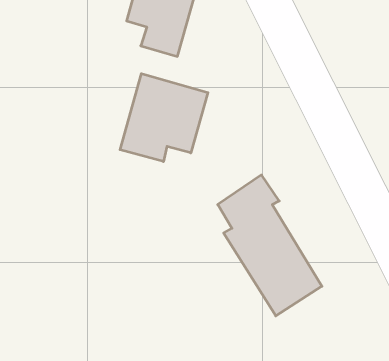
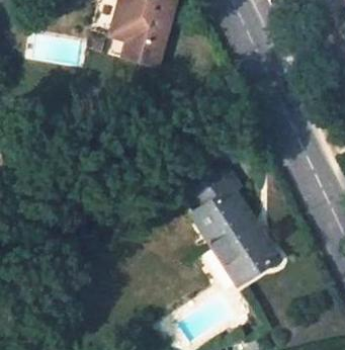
building: [120,74,208,162] -> none

